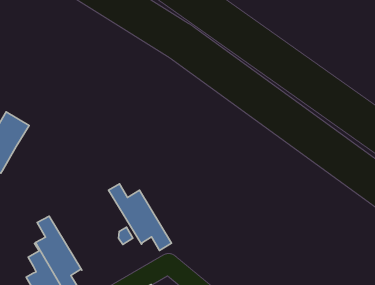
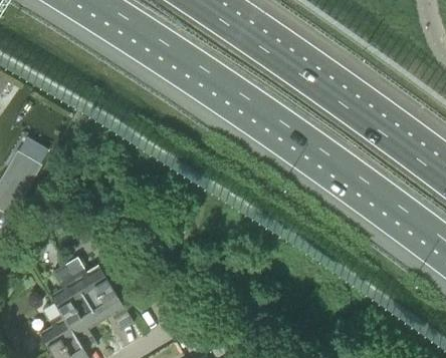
building: [109,184,171,251] -> [65,258,135,331]

